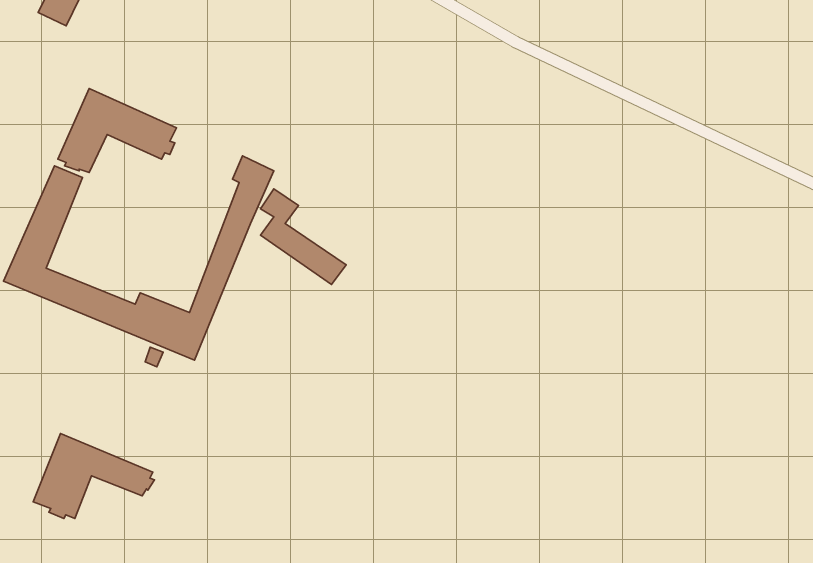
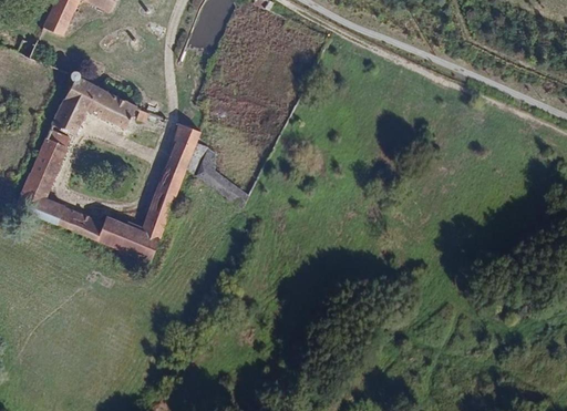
building: [33,433,154,518] -> none

